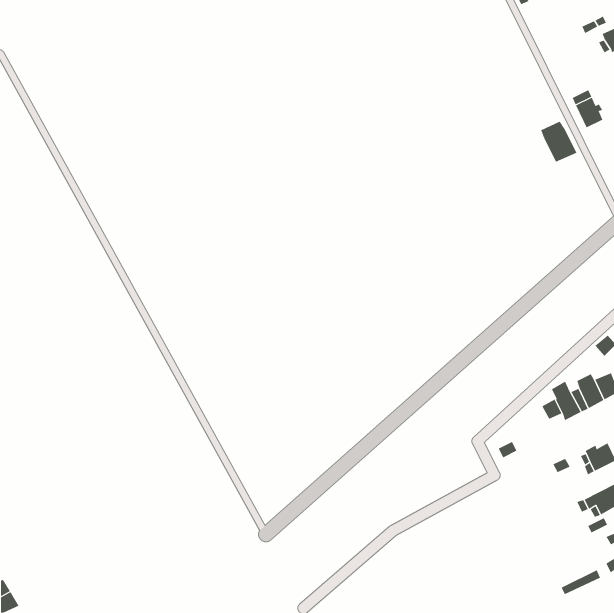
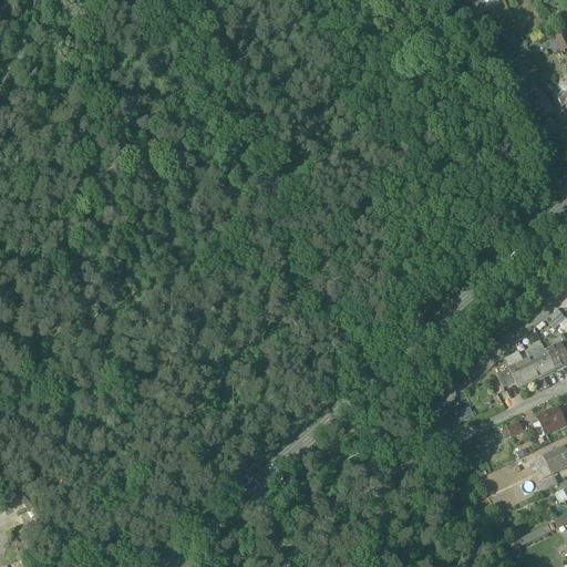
building: [541,121,577,162] -> none

